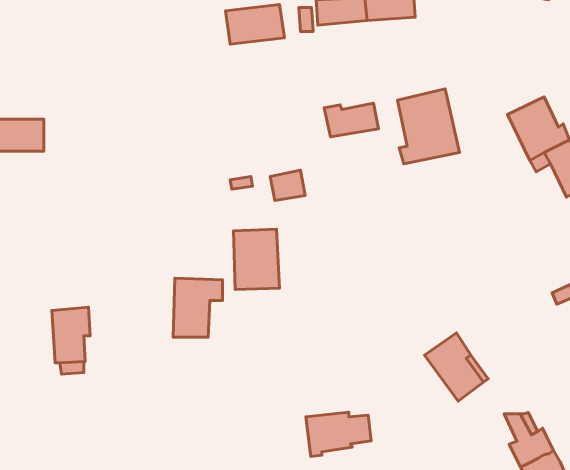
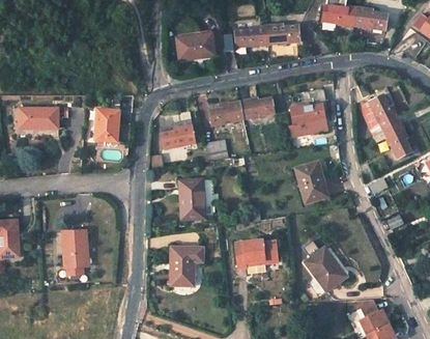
building: none -> [208,101,243,125]
building: none -> [94,109,118,141]
building: none -> [159,110,194,148]
building: none -> [295,163,325,202]
building: [173,278,223,337] -> [170,247,202,285]
building: [306,412,371,457] -> [235,239,278,269]

